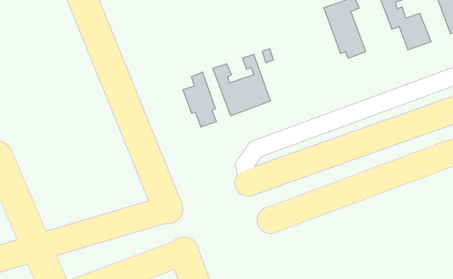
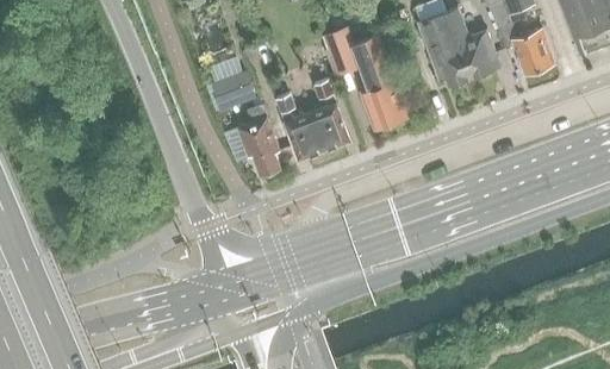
building: none -> [453,21,497,77]
building: none -> [318,26,407,130]
building: none -> [213,70,256,108]

